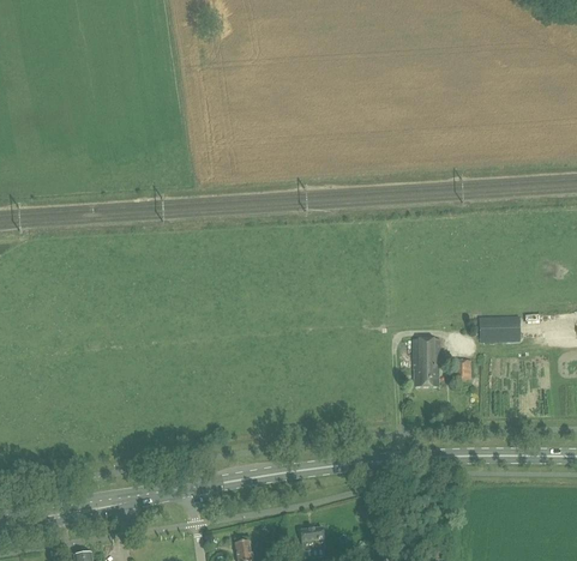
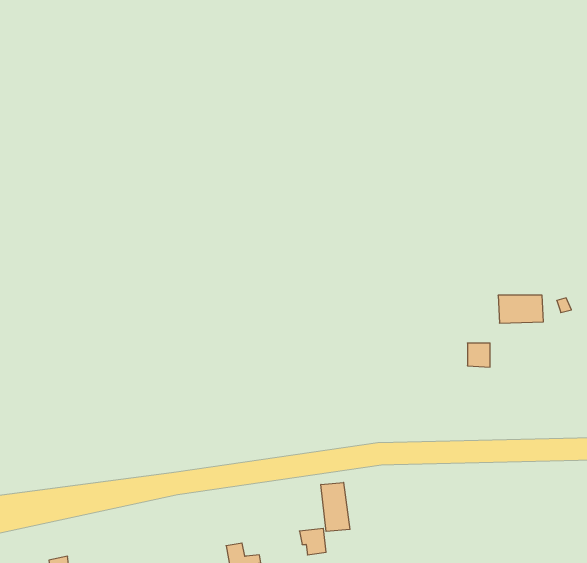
building: [413,338,439,385] -> none
building: none -> [321,482,350,531]

